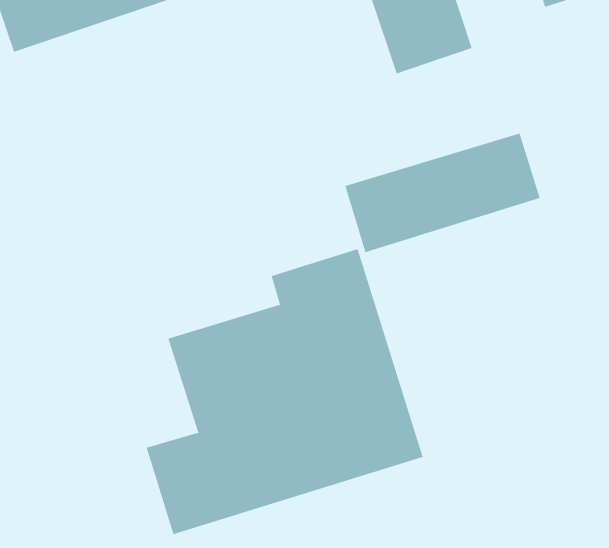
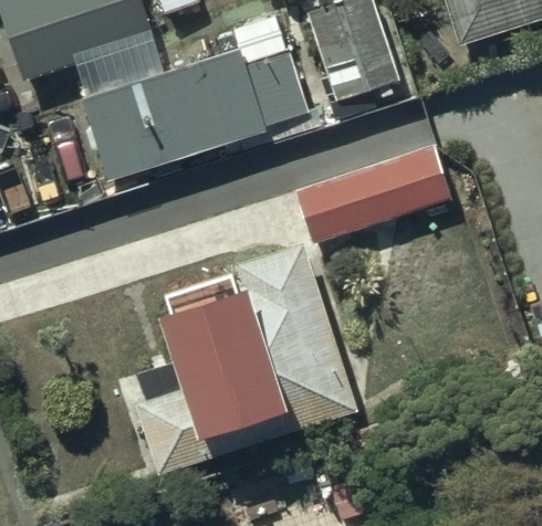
building: none -> [81,46,309,177]

